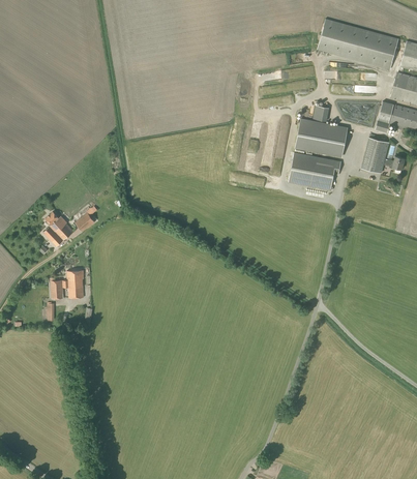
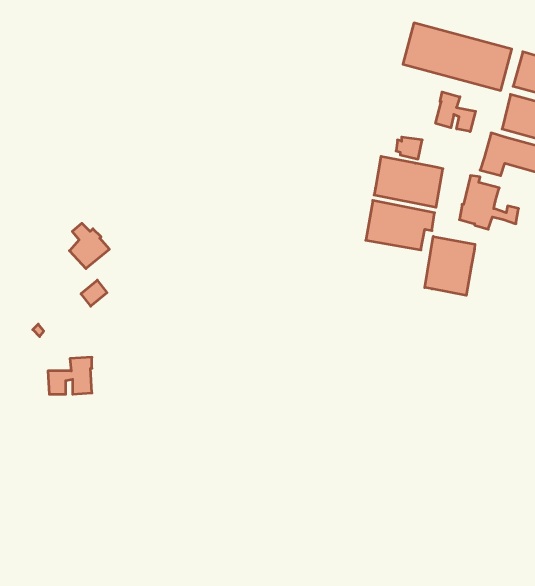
building: none -> [436,92,476,132]
building: none -> [425,236,475,295]
building: [43,212,73,246] -> [69,223,109,269]

